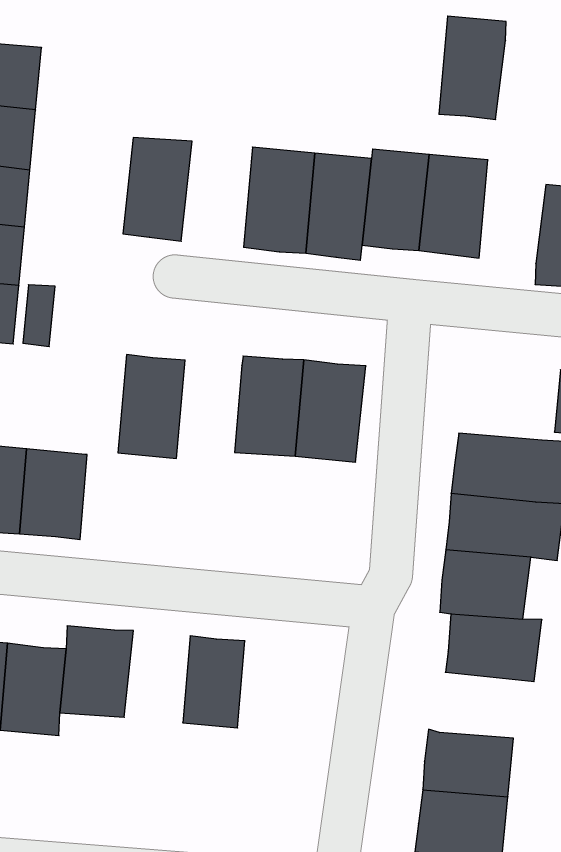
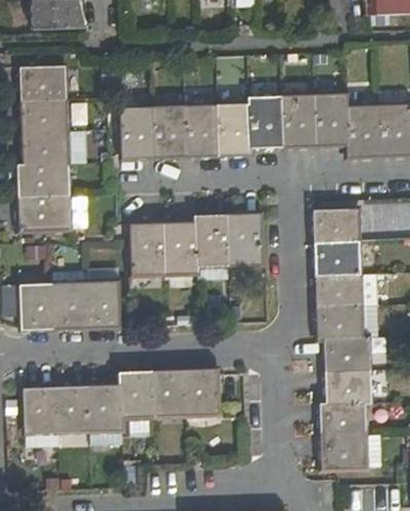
building: [439,16,506,120] -> [311,93,344,147]
building: none -> [151,103,186,158]
building: none -> [163,221,195,275]
building: none -> [313,208,359,242]
building: none -> [153,369,186,417]
building: none -> [323,370,372,404]

